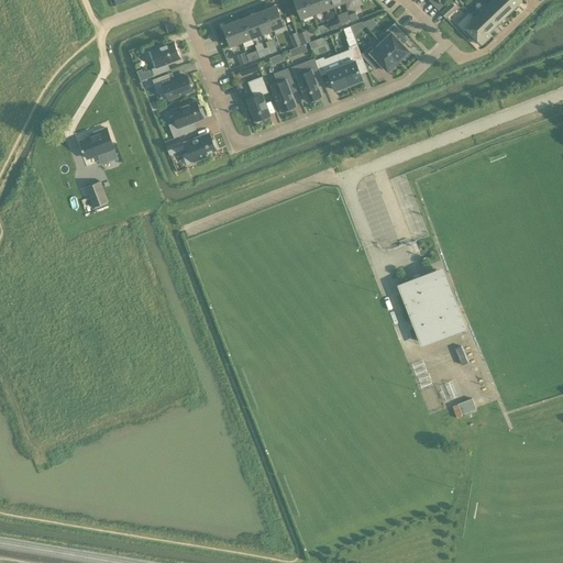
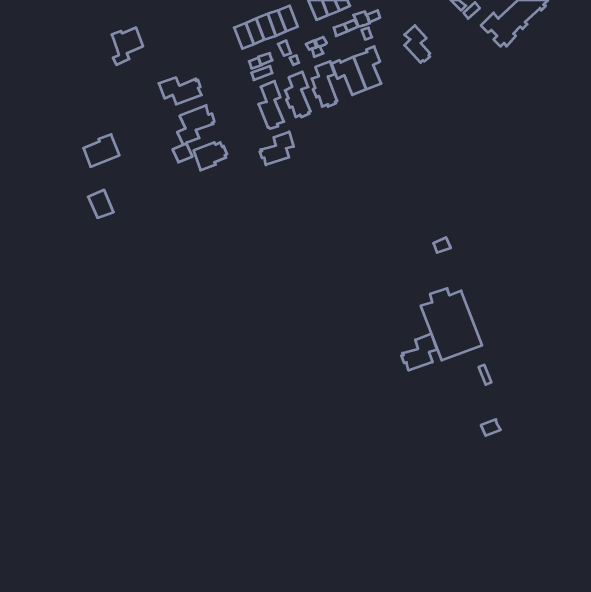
building: [150,41,179,76] -> [112,28,143,65]
building: [361,43,399,71] -> none
building: none -> [260,132,294,165]
building: none -> [401,334,437,370]

